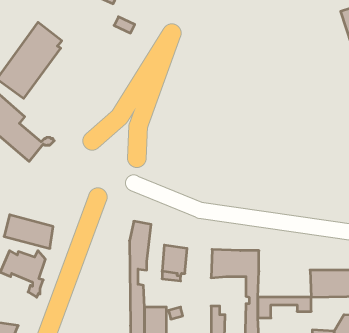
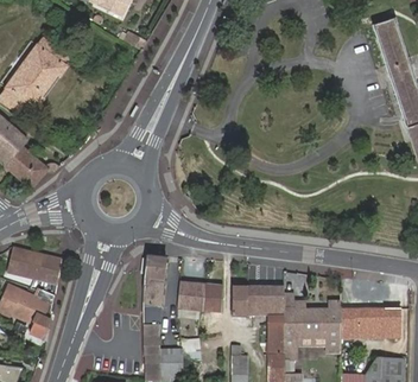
building: none -> [203,284,223,313]
building: none -> [283,307,341,337]

